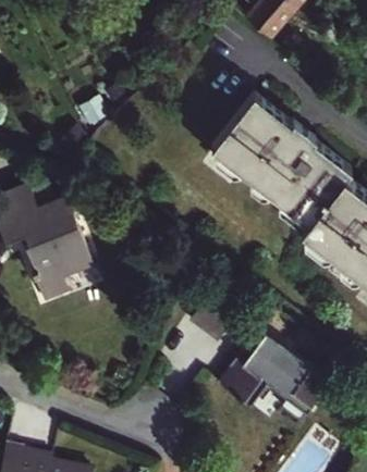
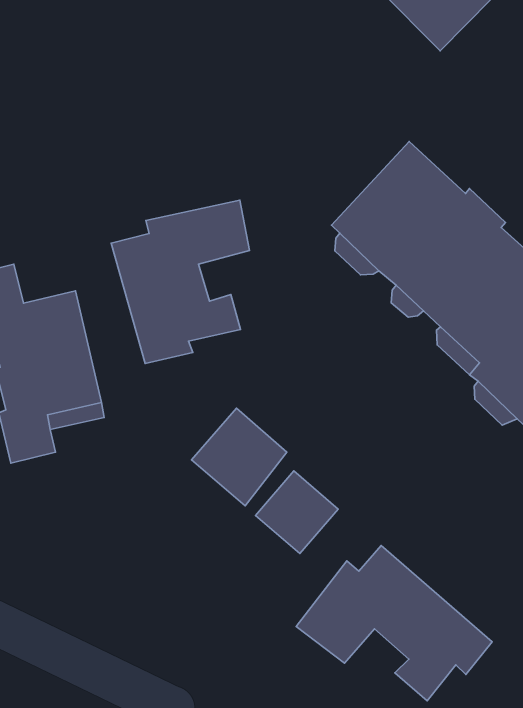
building: none -> [111,200,250,364]
building: none -> [191,408,287,506]

